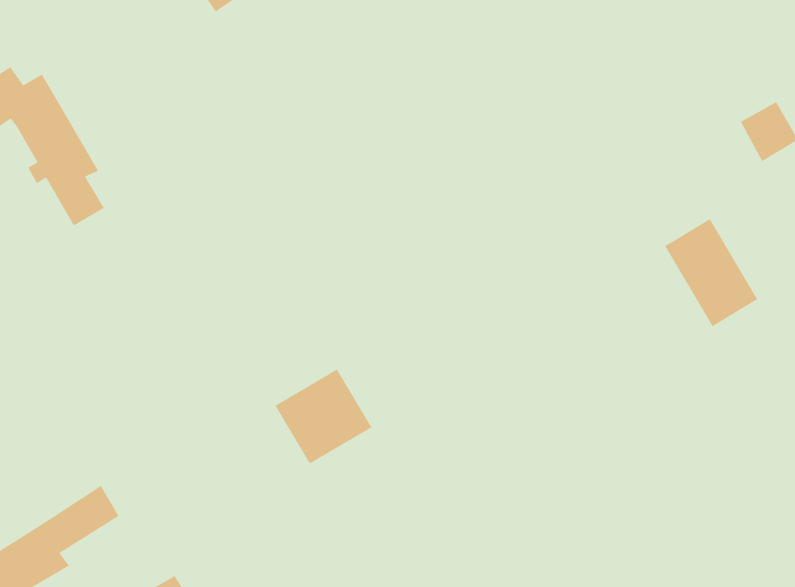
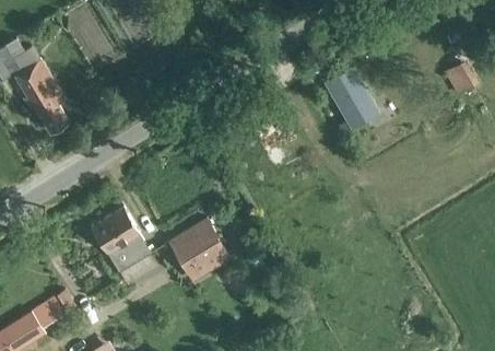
building: [664,218,758,327] -> [323,66,379,130]
building: none -> [92,209,151,272]

